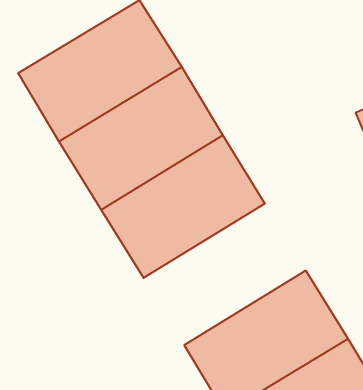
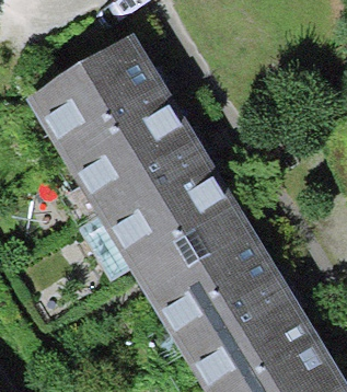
building: none -> [138,216,281,341]

